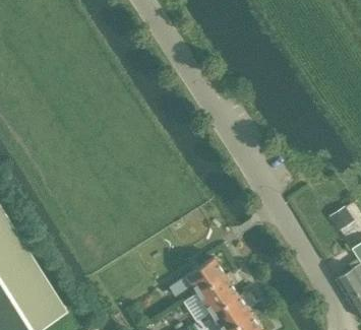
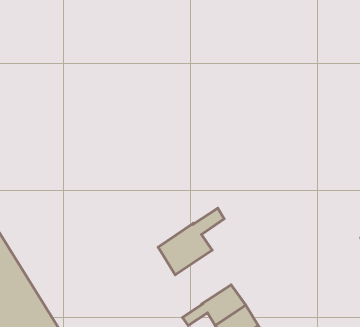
building: none -> [158,208,224,275]

